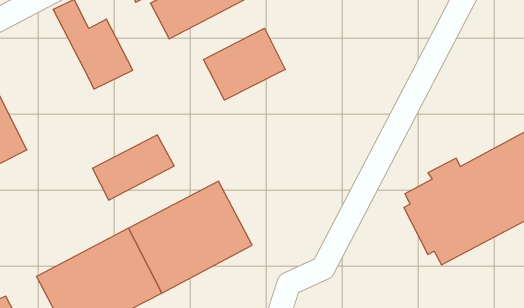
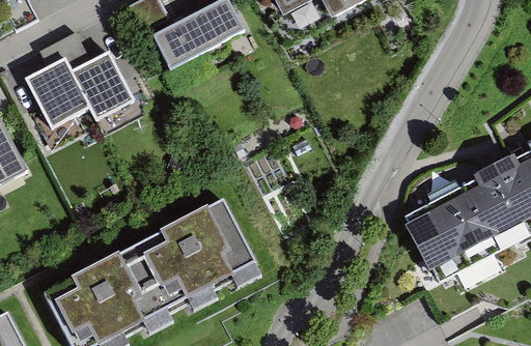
building: none -> [25,37,91,125]
building: [203,28,285,100] -> none
building: [93,135,174,200] -> none

